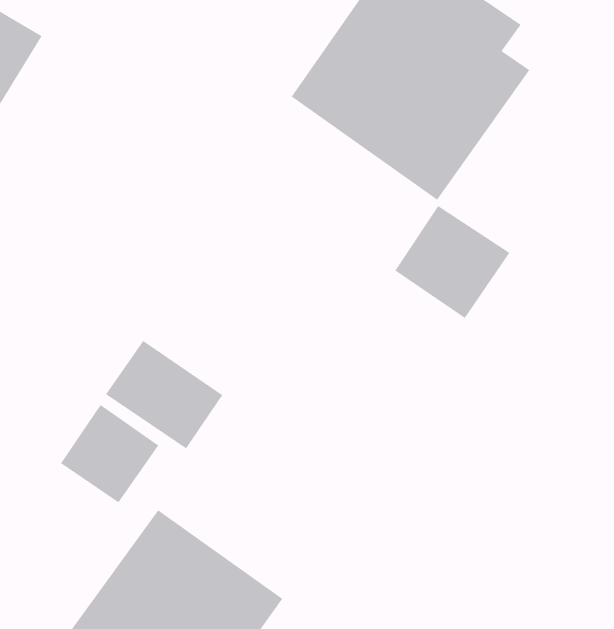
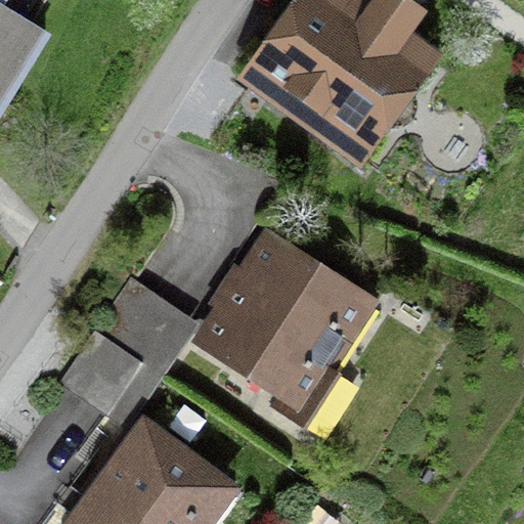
building: [395,205,510,319] -> none
building: none -> [200,233,387,412]

